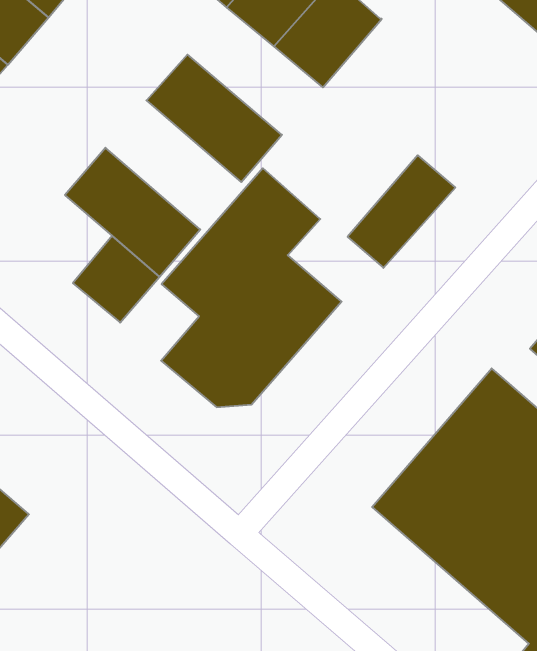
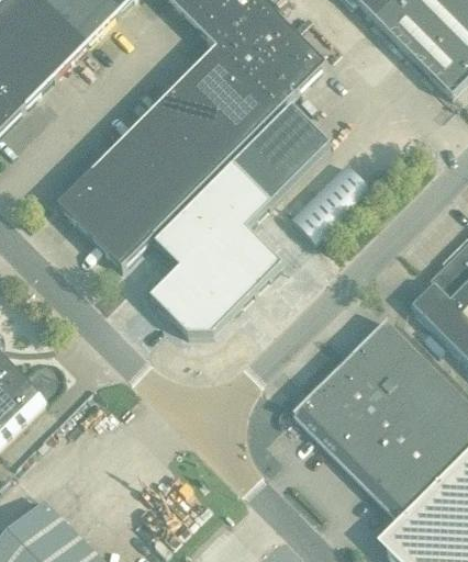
building: none -> [185,44,280,138]
building: none -> [233,103,330,200]
building: none -> [121,106,216,202]
building: none -> [58,170,121,234]

